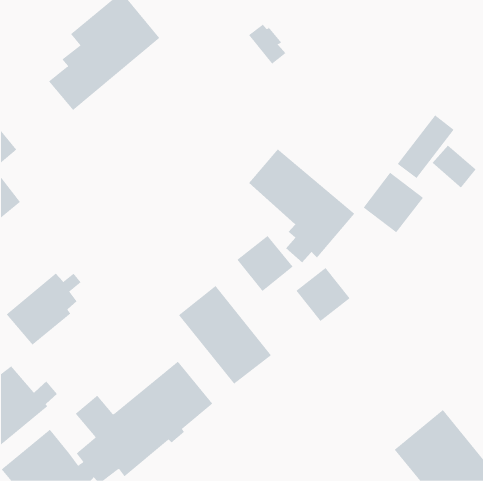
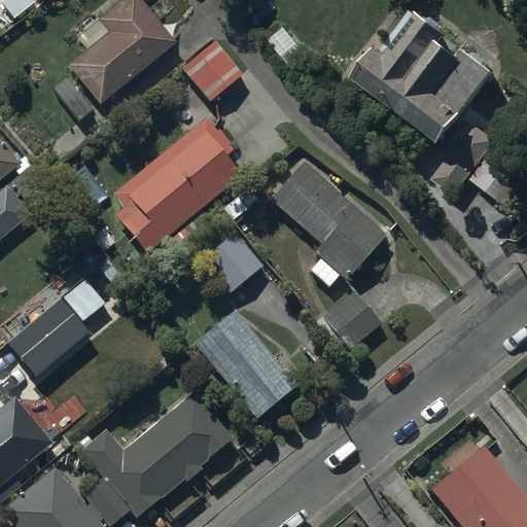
building: none -> [352,9,494,144]
building: none -> [182,40,243,102]
building: none -> [113,118,241,252]
building: [363,172,424,233] -> none
building: [237,235,293,292] -> [202,232,264,293]

